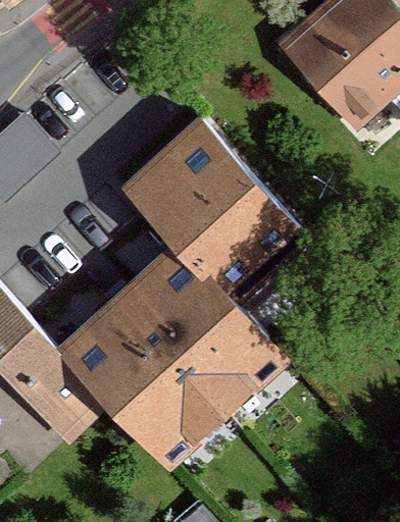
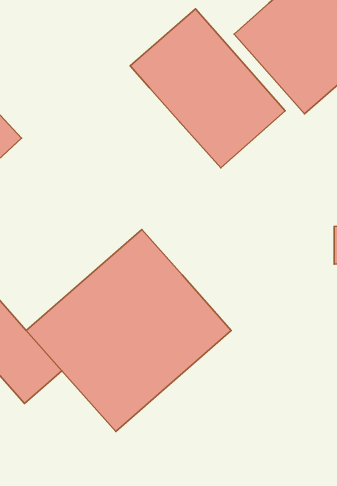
building: [131,126,295,295] -> [130,9,285,168]

